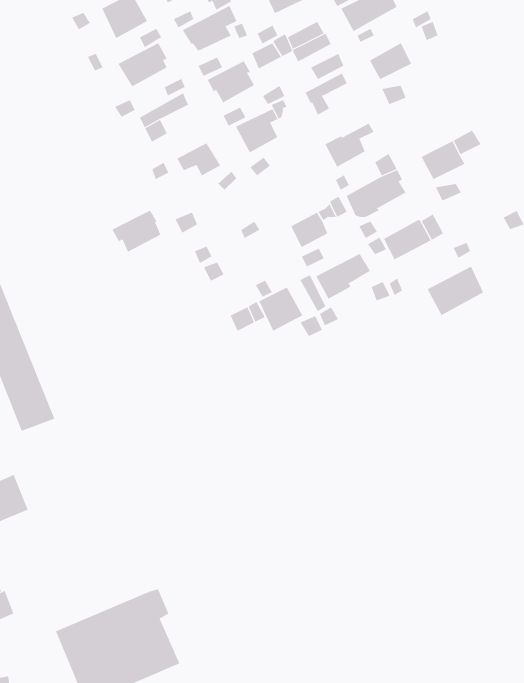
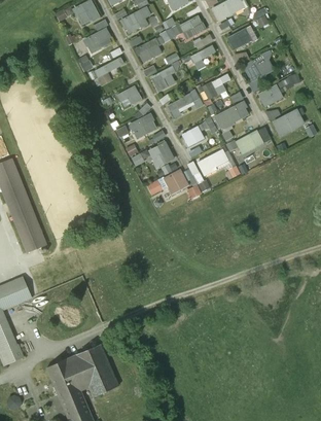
building: none -> [243,50,274,82]
building: none -> [167,90,203,118]
building: [111,210,161,253] -> [128,113,156,138]
building: none -> [147,141,174,168]
building: [427,266,484,316] -> [272,108,305,137]

